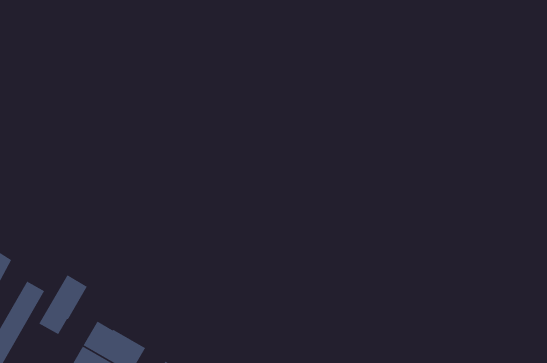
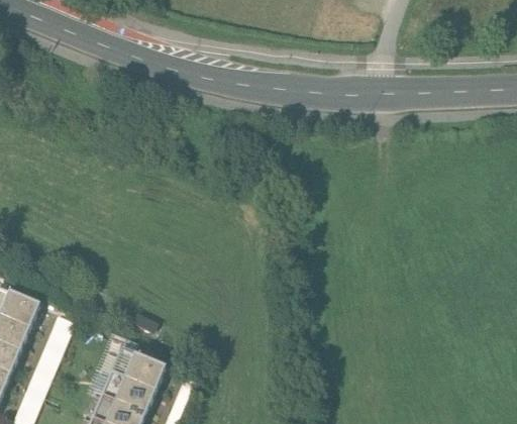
building: [38,274,88,335] -> none

